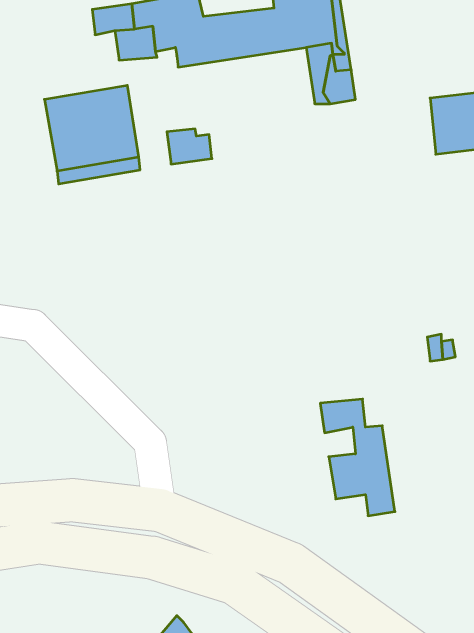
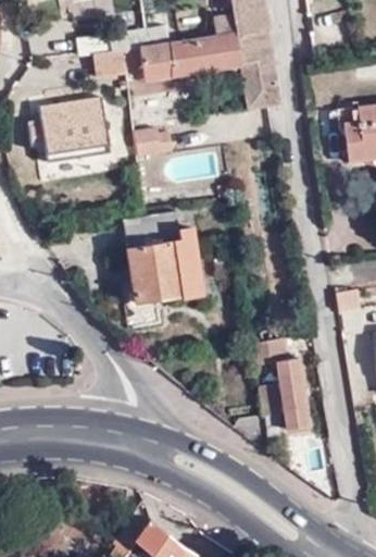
building: none -> [125,224,205,304]

